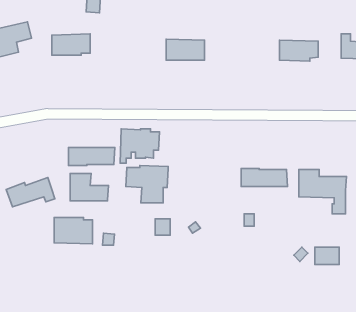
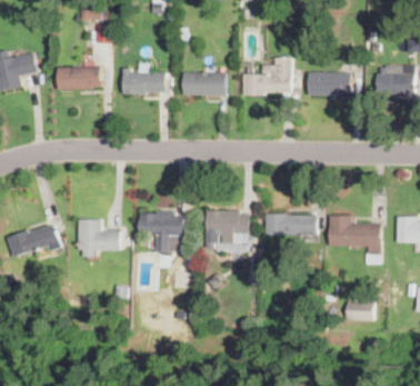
building: none -> [244,57,292,95]
building: none -> [123,68,167,95]
building: [120,129,160,163] -> [207,210,250,248]
building: [68,147,115,166] -> none
building: [54,217,92,244] -> none

